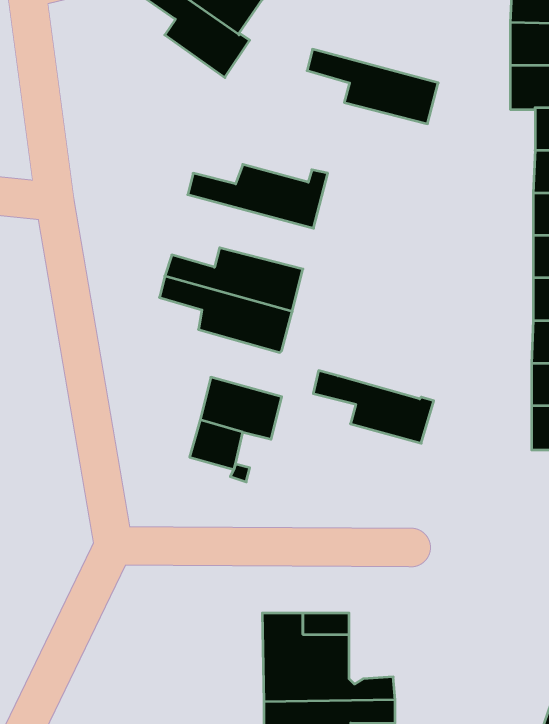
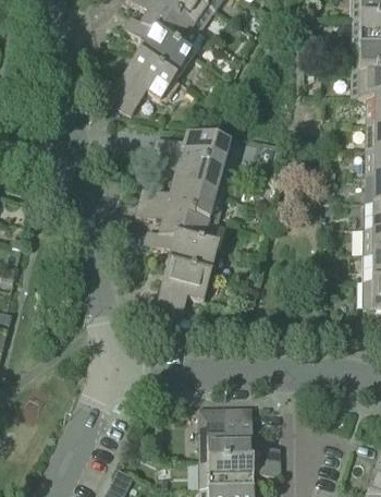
building: none -> [109,51,176,112]
building: [307,49,438,124] -> [150,149,231,195]
building: [313,371,434,443] -> [145,229,219,274]

